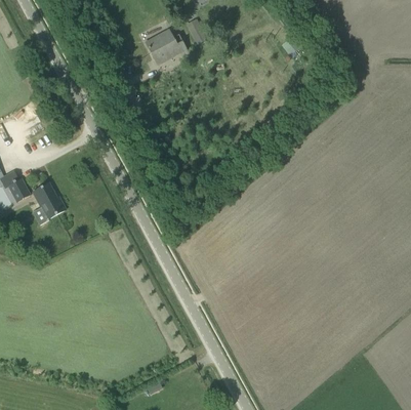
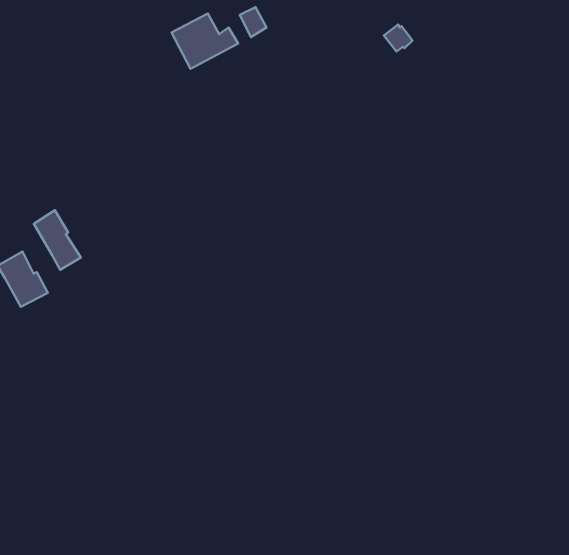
building: none -> [34,210,81,270]

